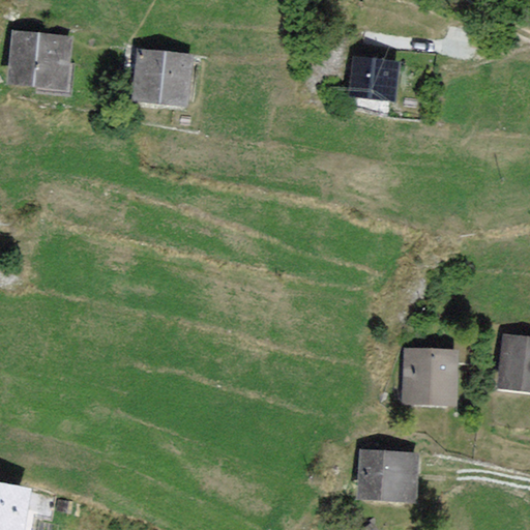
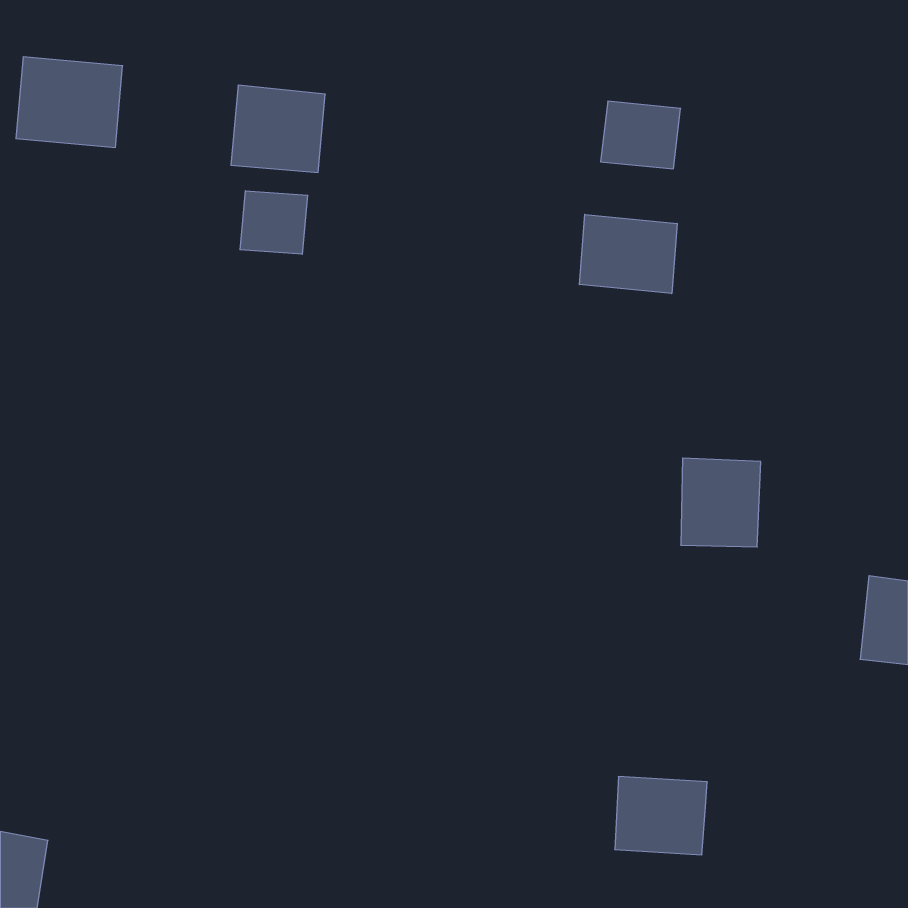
building: none -> [240,191,308,254]
building: none -> [579,214,677,294]
building: [407,350,453,402] -> [681,458,761,547]

